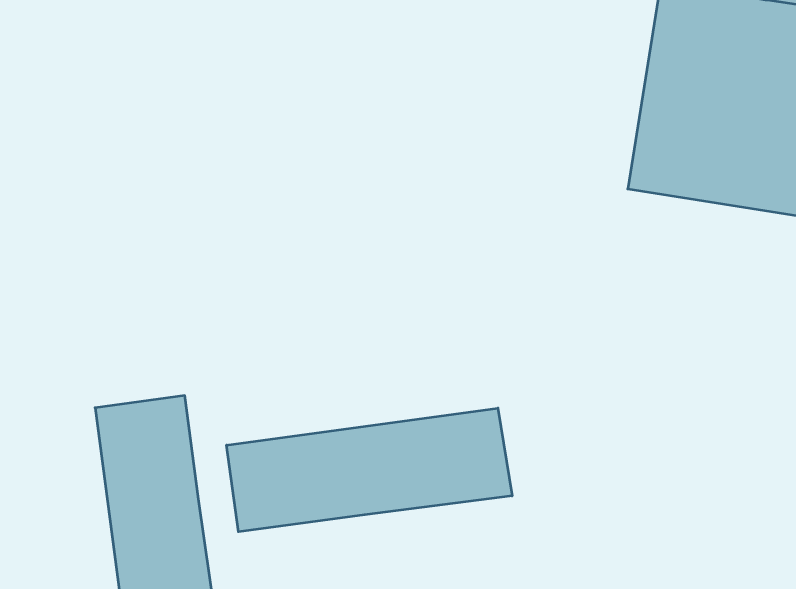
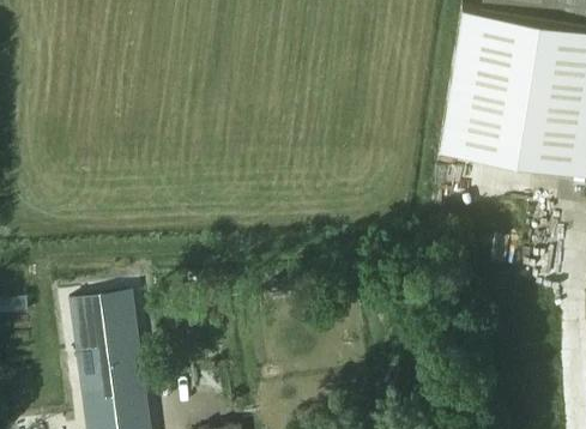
building: [227,408,512,532] -> none

